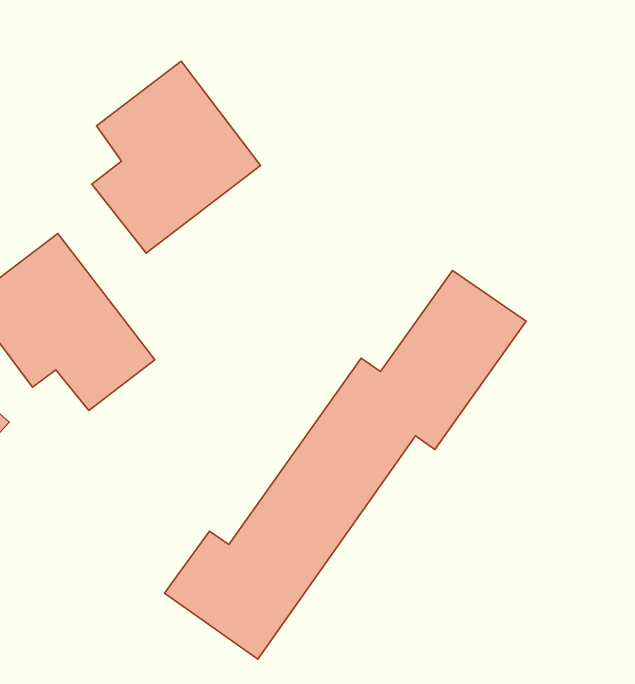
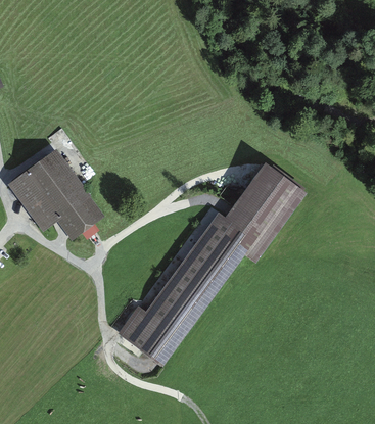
building: [92,61,261,253] -> none

